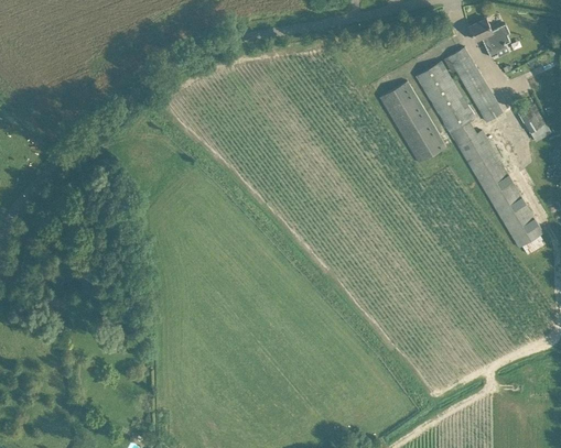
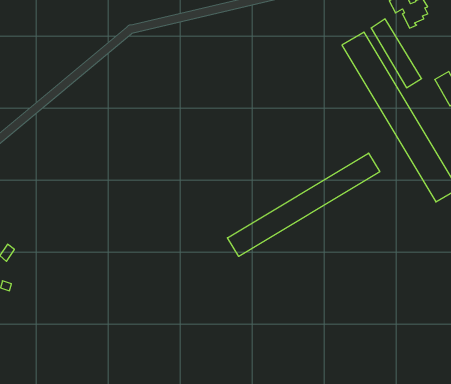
building: [380,81,446,163] -> none
building: none -> [227,153,380,256]

